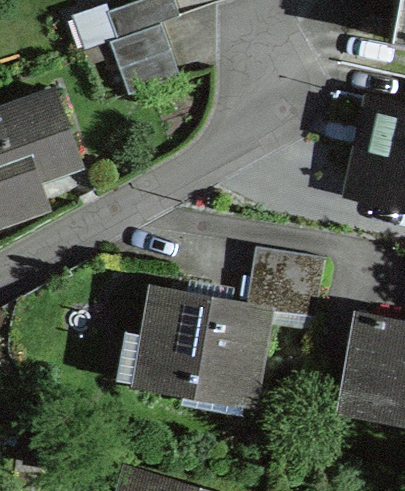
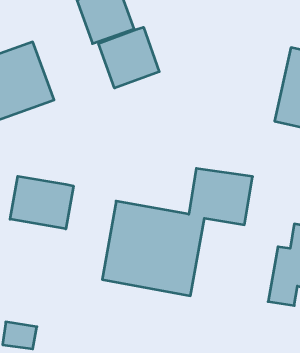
building: none -> [99,27,159,88]
building: none -> [10,176,73,229]

